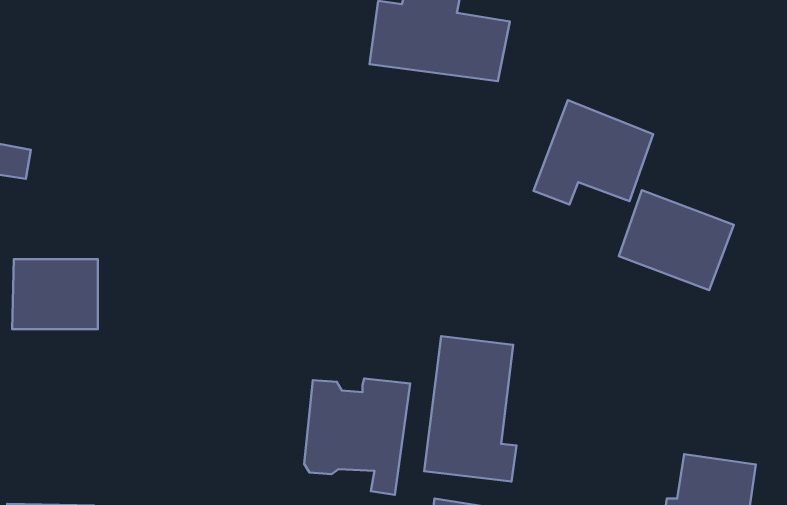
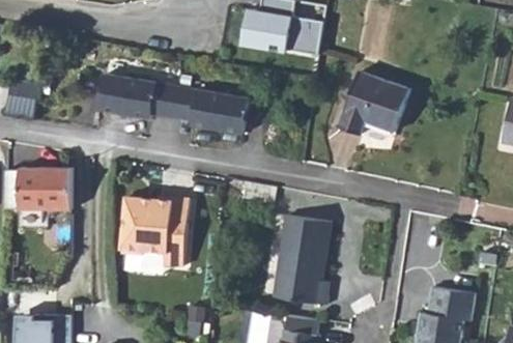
building: none -> [96,73,244,132]
building: [619,190,734,290] -> none
building: [304,378,410,495] -> [130,196,194,266]

